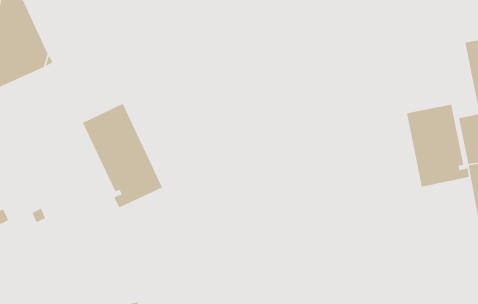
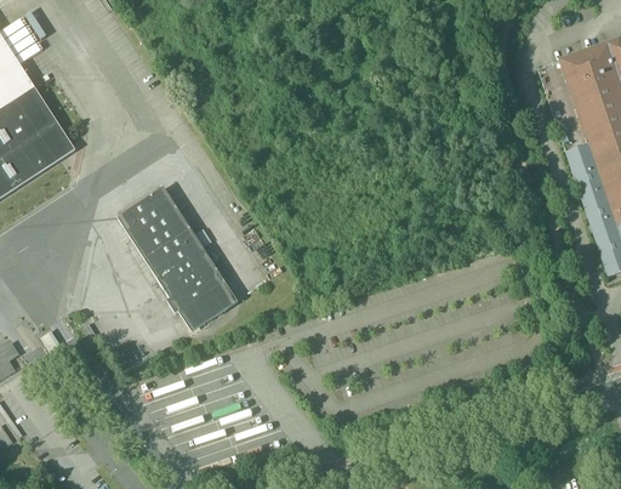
building: [406,104,470,188] -> none
building: none -> [178,280,239,331]

